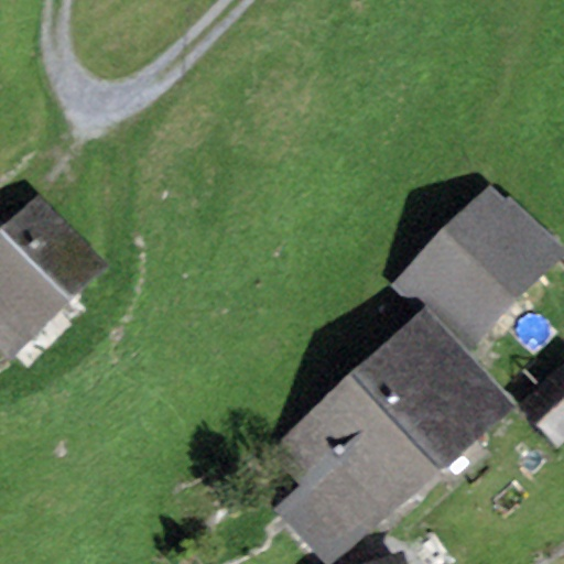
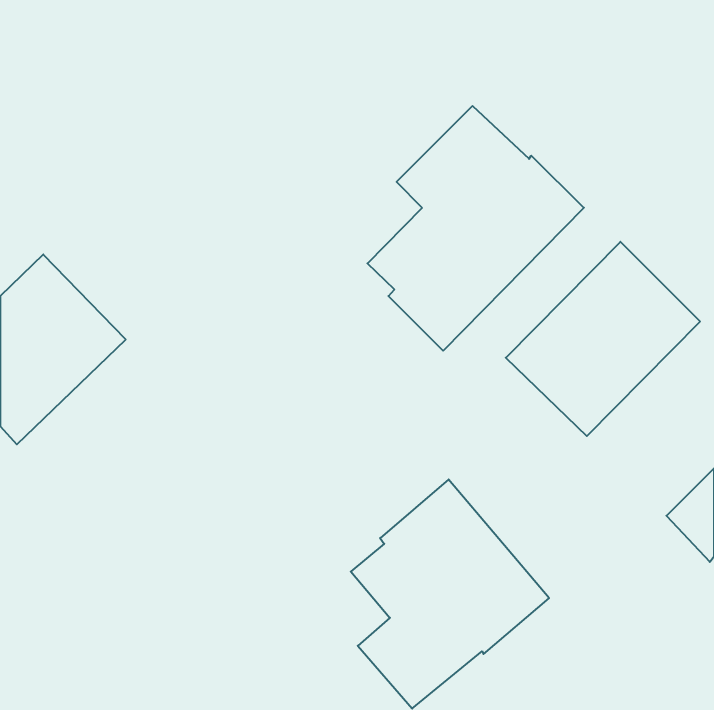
building: none -> [367,106,584,351]
building: [354,323,499,471] -> none

